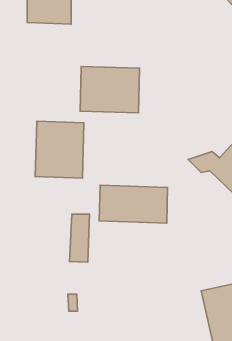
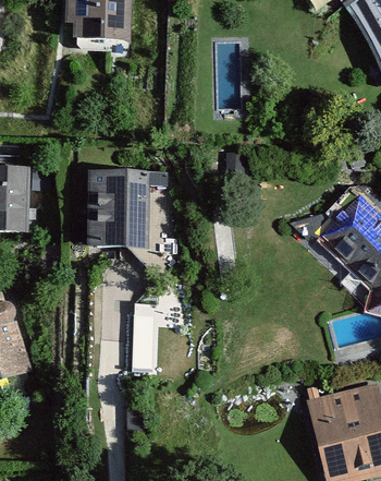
building: [80,66,139,113] -> none
building: [99,185,168,223] -> none

